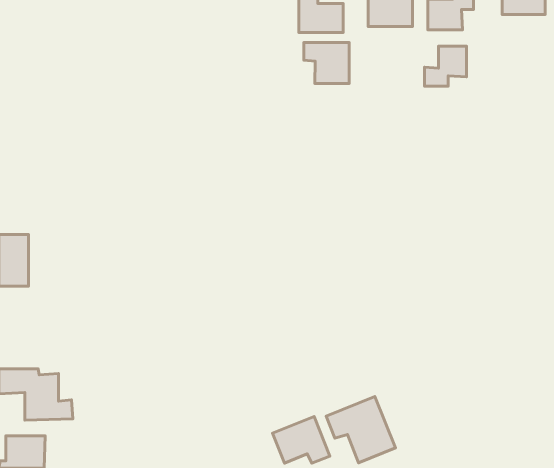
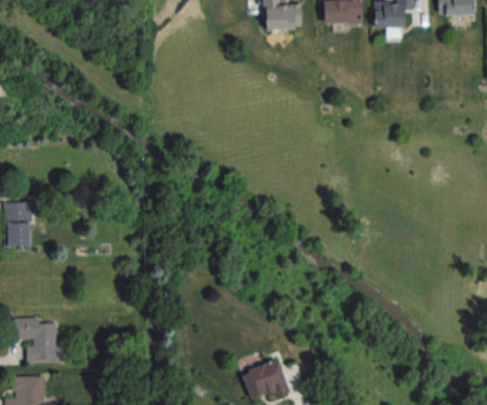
building: [304,42,349,83] -> none
building: [424,46,467,86] -> none
building: [326,396,395,463] -> none

